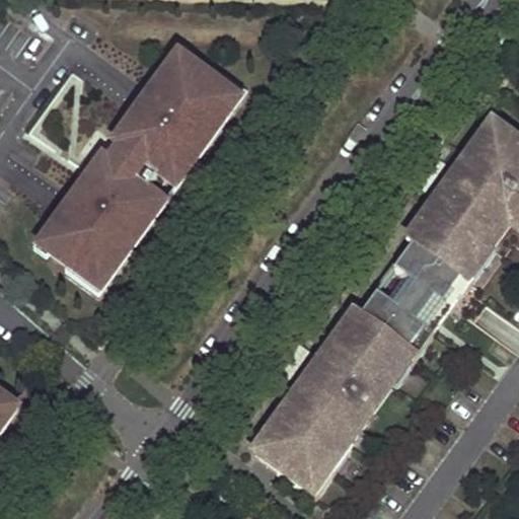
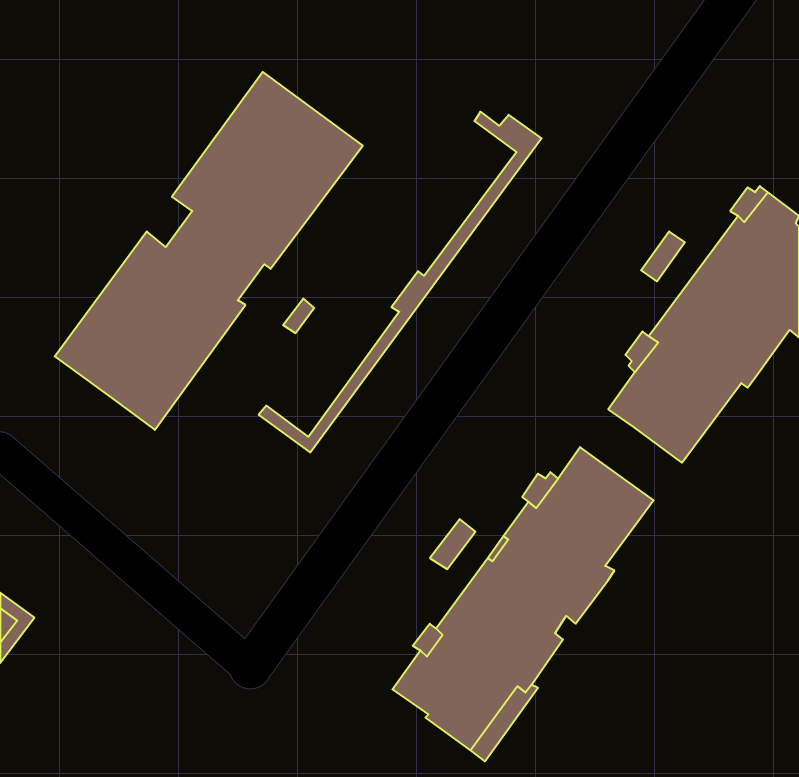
building: [68,68,251,289] -> [259,112,542,452]
building: [391,243,495,379] -> none

